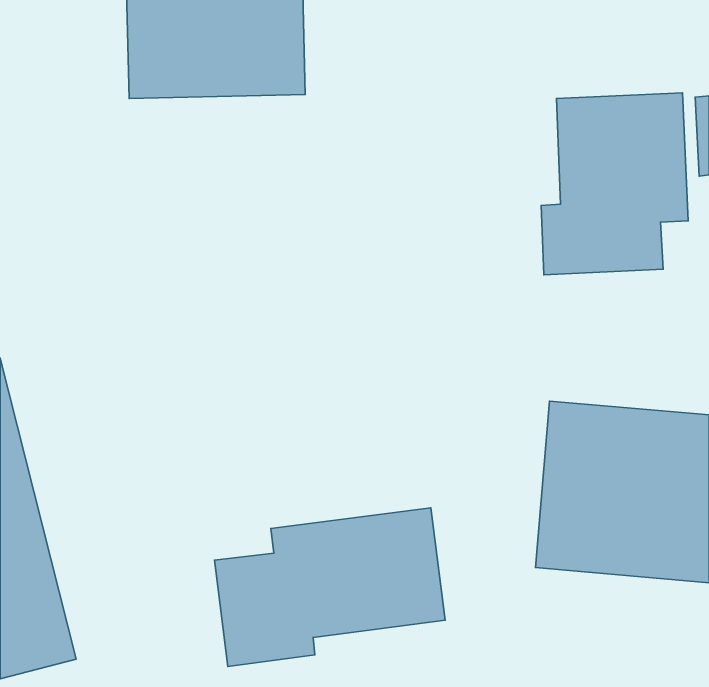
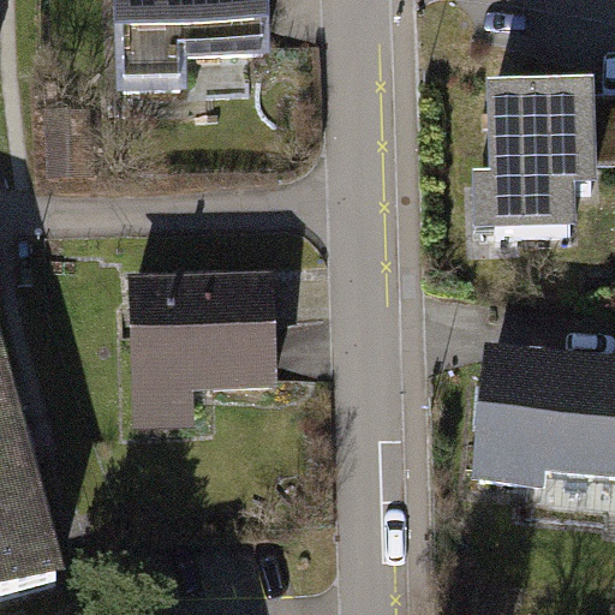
building: none -> [120,256,282,395]
building: [215,508,445,666] -> none

